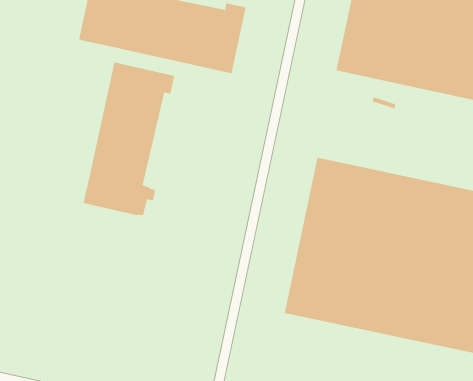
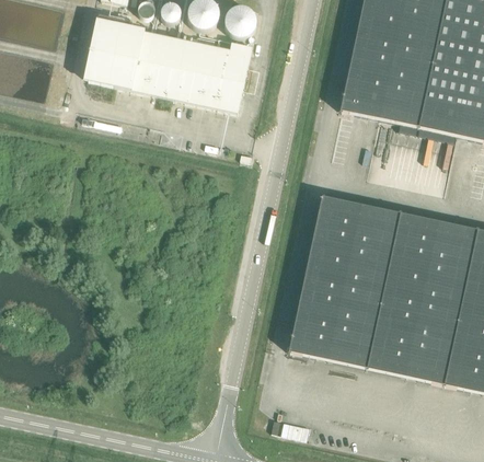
building: [83,61,175,216] -> none

